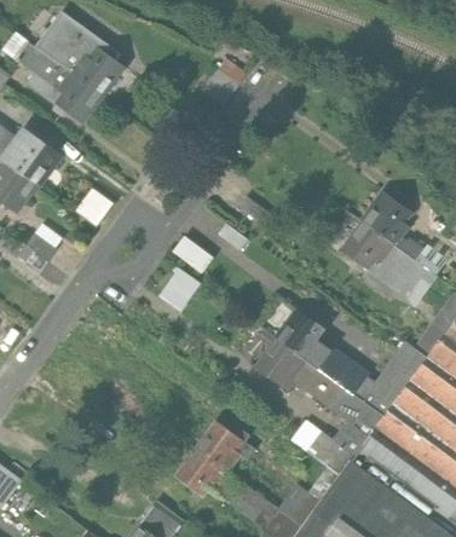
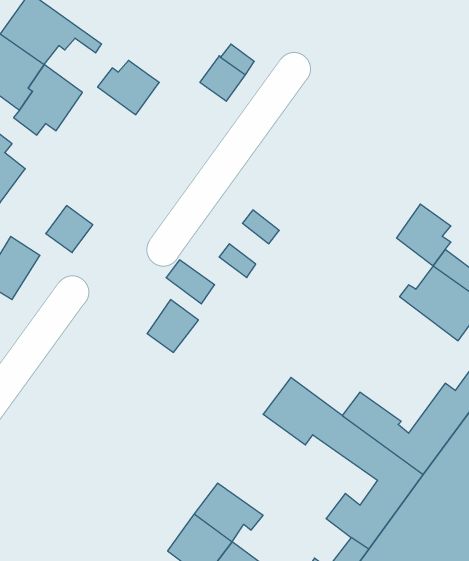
building: [74,54,125,99] -> [98,60,159,115]
building: [341,219,394,267] -> none
building: [277,305,334,365] -> none

